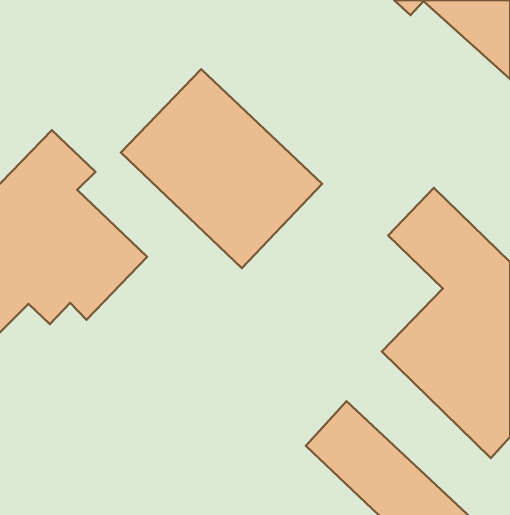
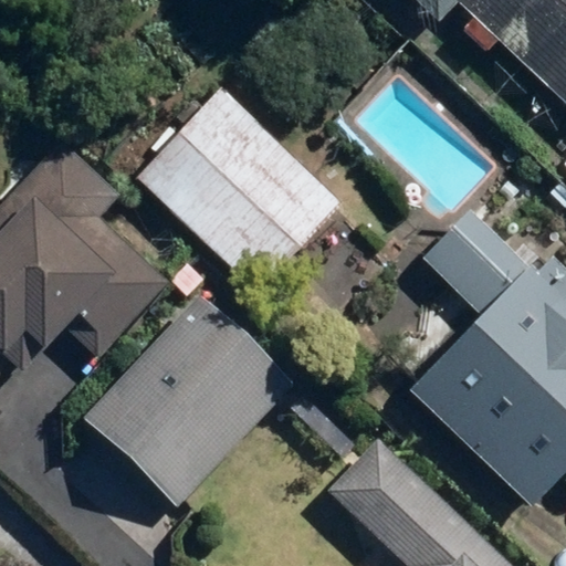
building: none -> [82,289,303,514]

